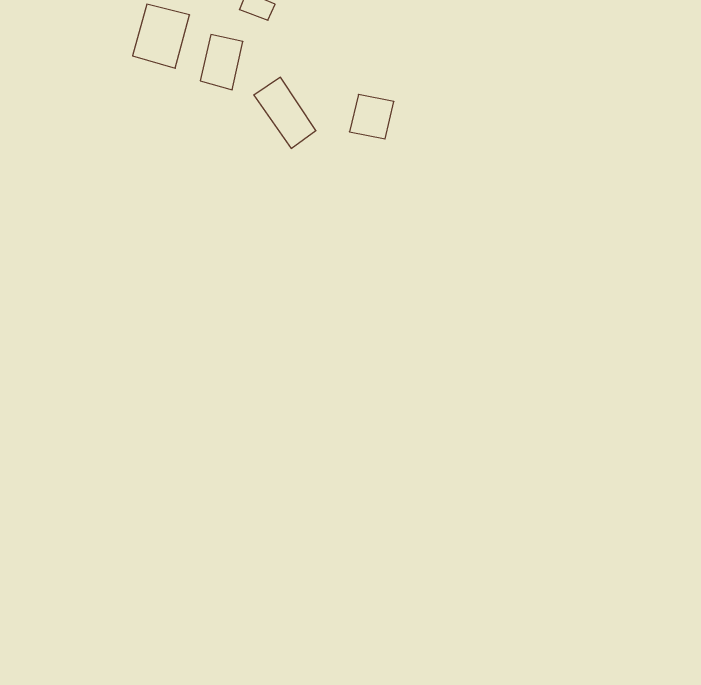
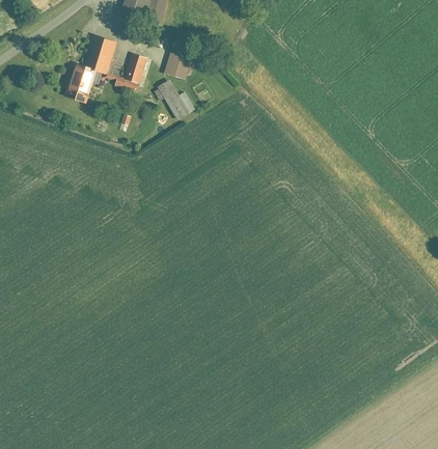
building: none -> [64,67,92,99]
building: [349,94,394,139] -> [166,49,192,75]

